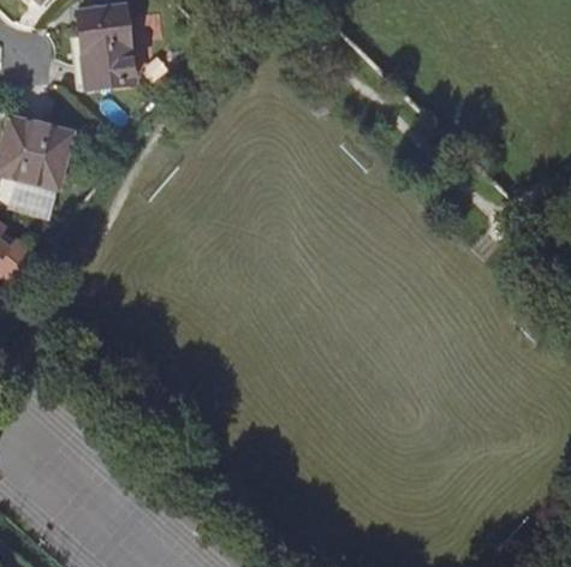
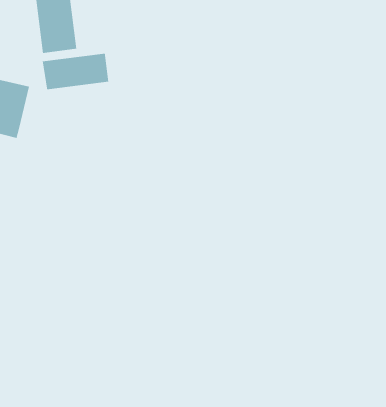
building: none -> [42,53,109,90]

